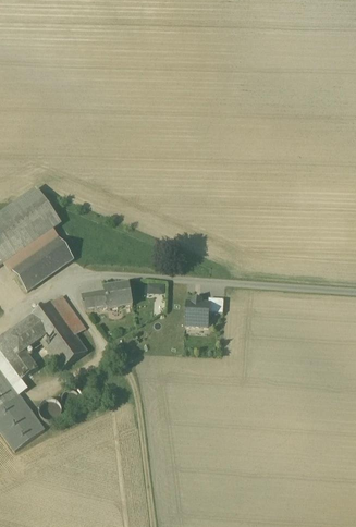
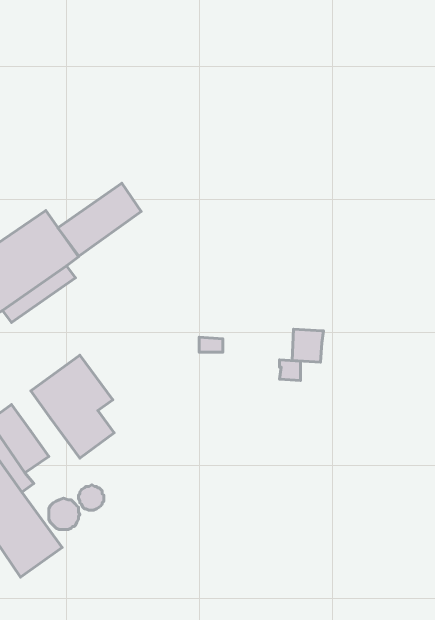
building: [12,236,73,290] -> [58,183,141,256]
building: [82,283,133,309] -> none
building: [186,301,209,324] -> [292,329,323,362]
building: [12,319,40,348] -> none

